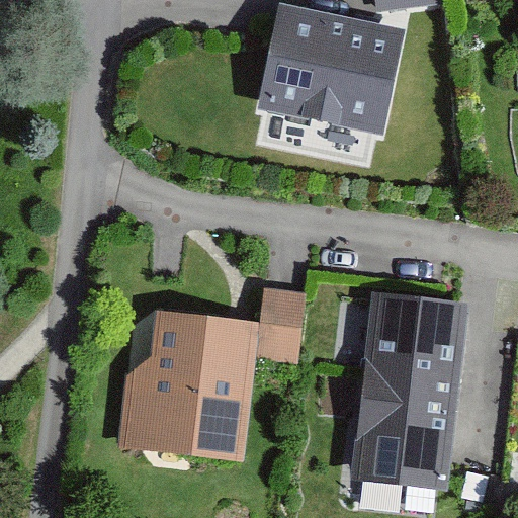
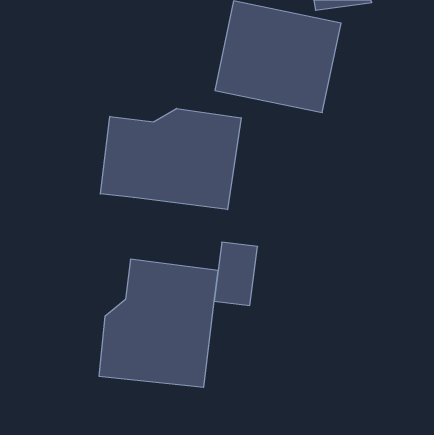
building: none -> [100,108,241,210]
building: [349,292,468,490] -> none

